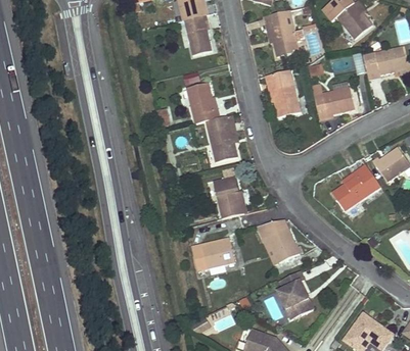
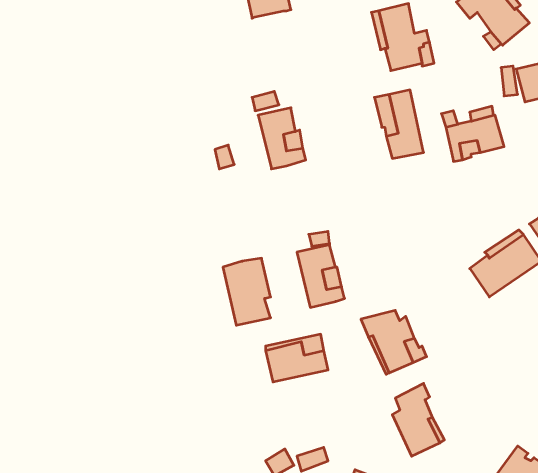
building: [184,15,212,55] -> none
building: [206,115,238,161] -> [223,258,271,325]

